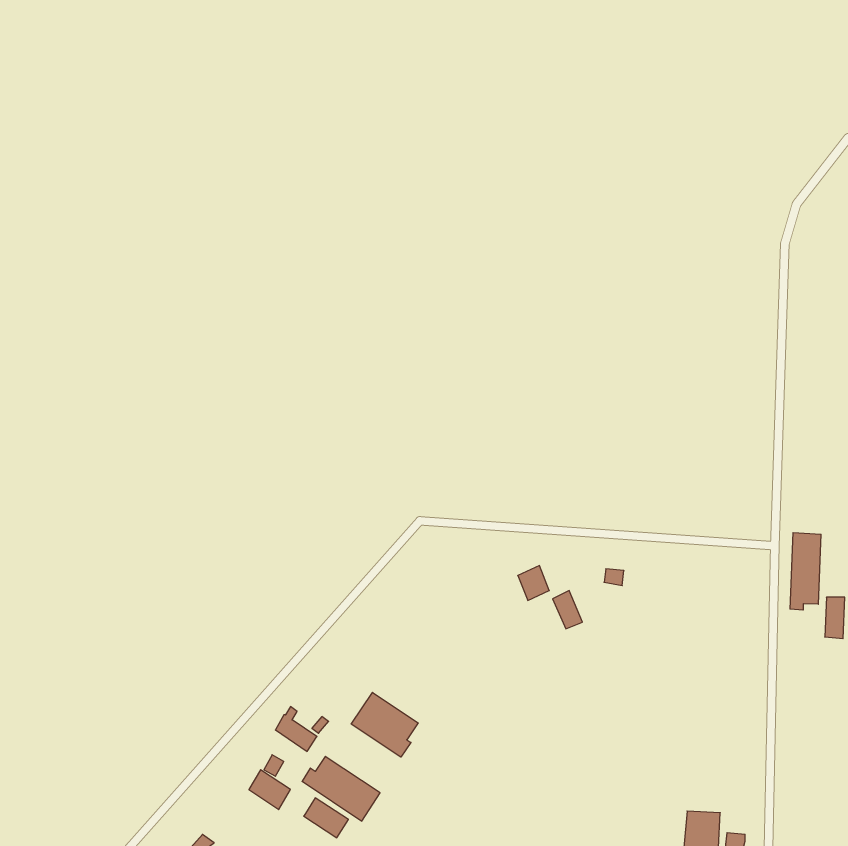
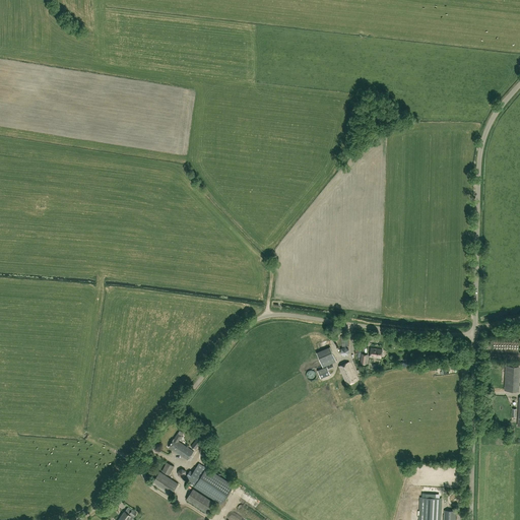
building: [790,533,821,610] -> none
building: [351,692,418,757] -> none

